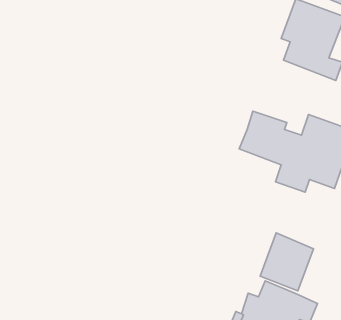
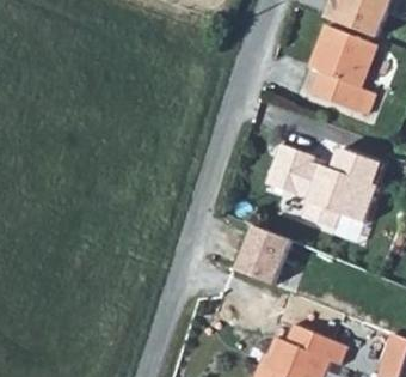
building: [260,233,314,291] -> [239,220,295,281]

